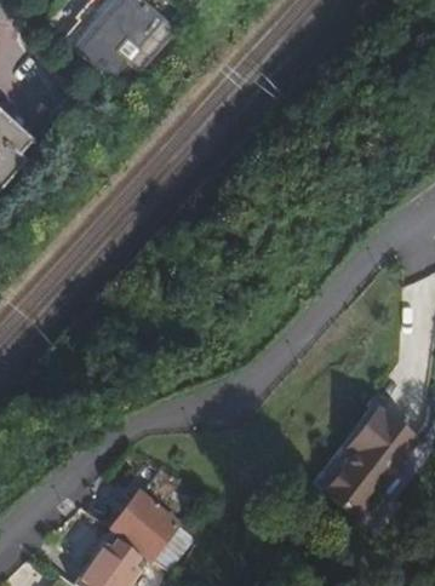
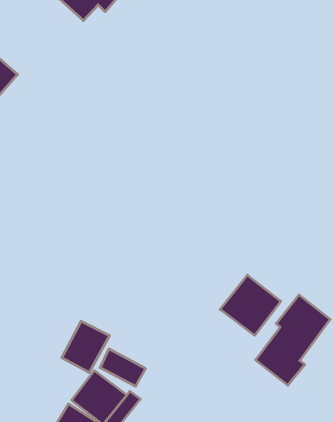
building: none -> [220,275,281,335]
building: none -> [62,321,110,373]

